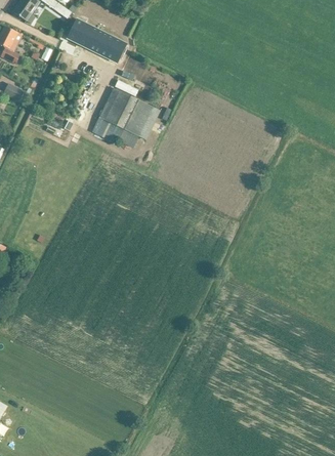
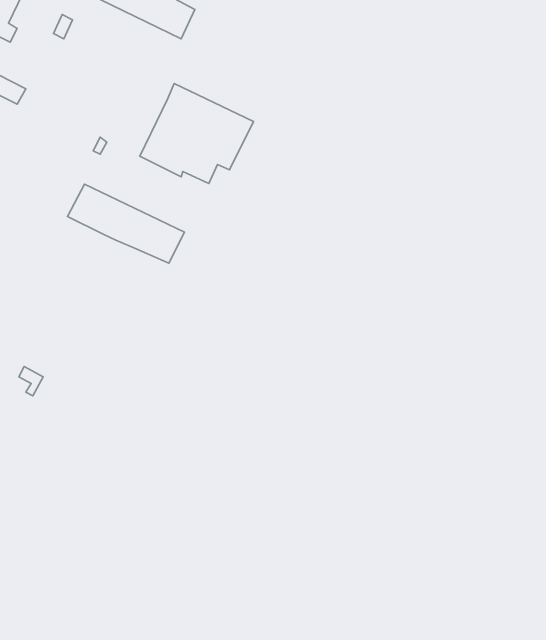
building: none -> [67,184,185,263]

